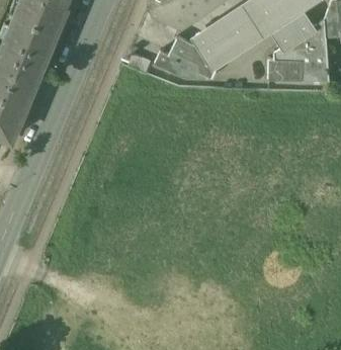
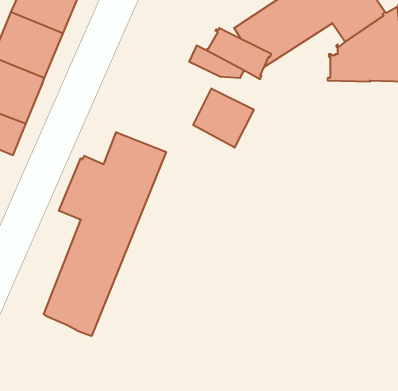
building: none -> [193,88,254,148]
building: none -> [44,132,166,336]

